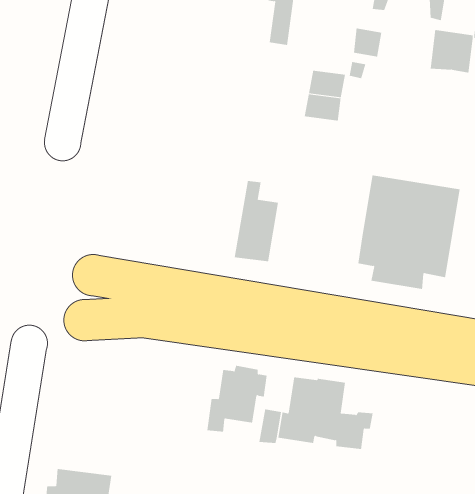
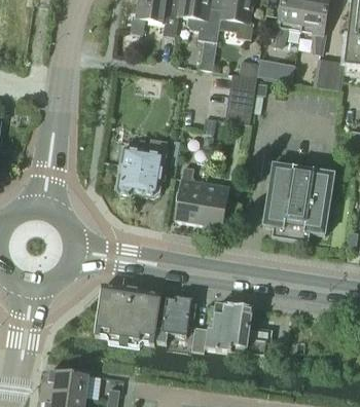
building: none -> [230,60,258,90]
building: none -> [116,139,168,196]
building: none -> [200,181,230,227]
building: none -> [95,286,161,344]

